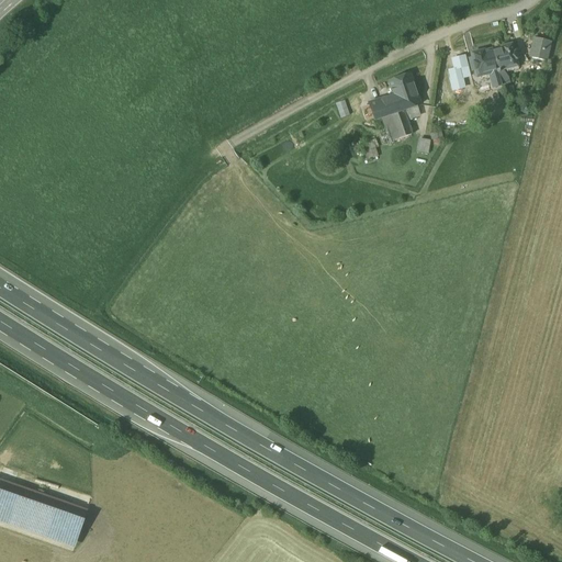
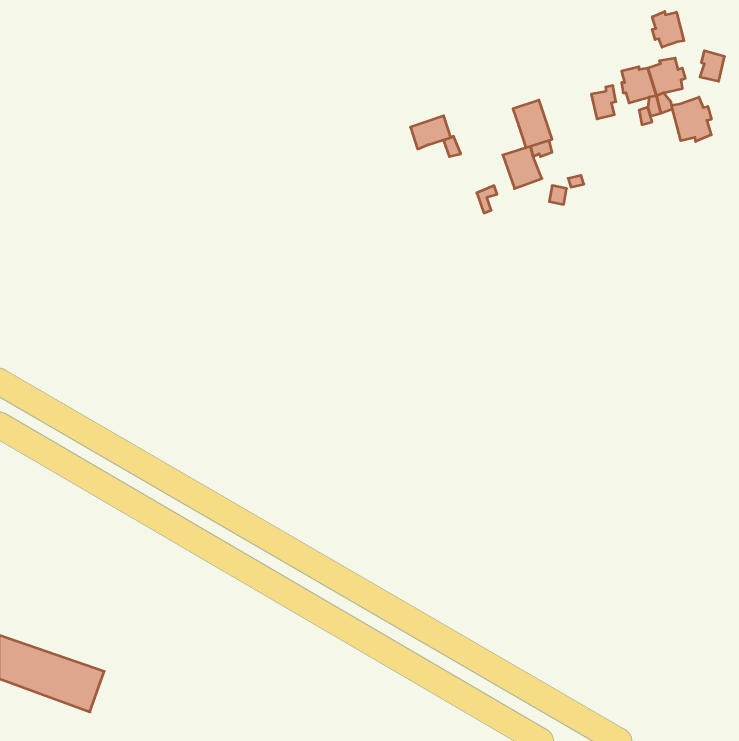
building: none -> [652,11,684,47]
building: none -> [672,97,711,142]
building: [368,95,398,121] -> [410,116,451,149]

